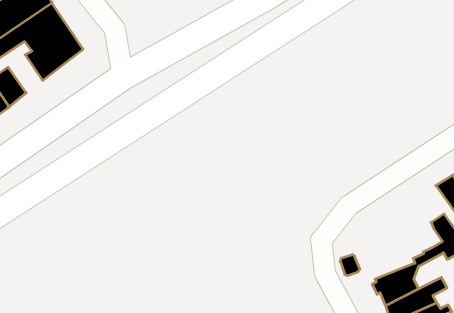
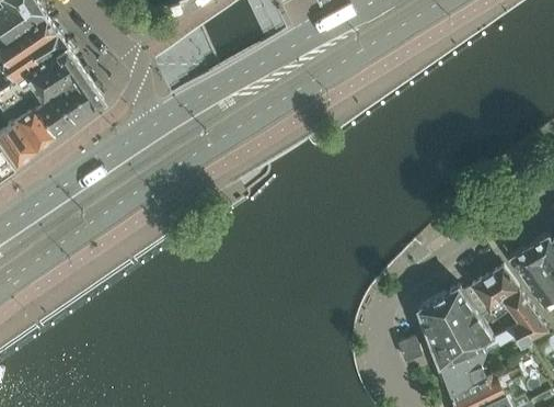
building: none -> [14,106,54,150]
building: none -> [470,268,518,317]
building: none -> [417,286,494,366]

